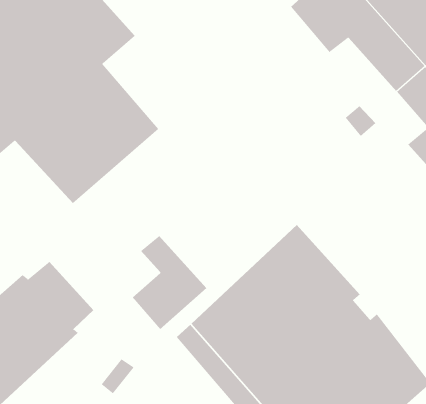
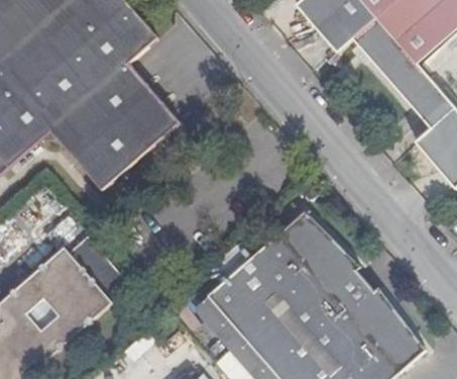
building: [132,235,207,330] -> none

